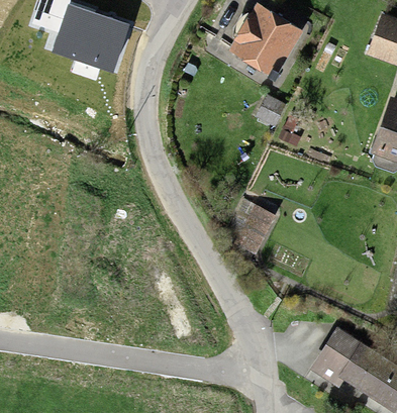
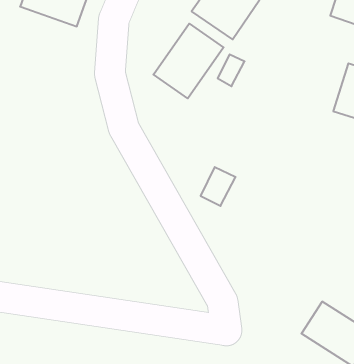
building: none -> [153,24,224,98]
building: [316,329,361,377] -> none

